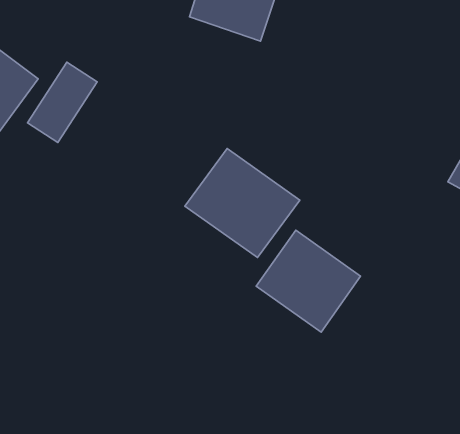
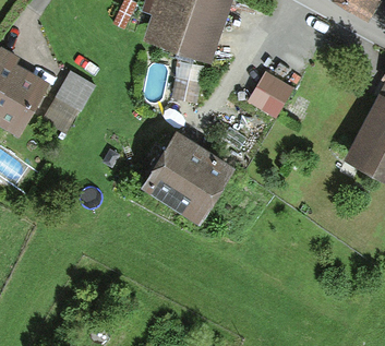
building: none -> [249,72,296,119]
building: [256,230,361,332] -> none

